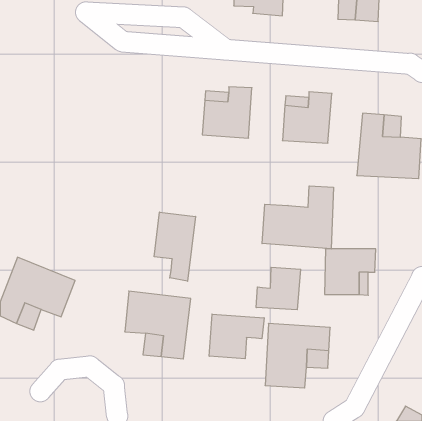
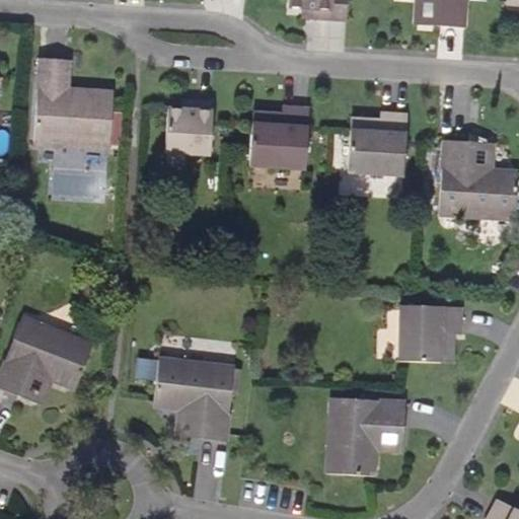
building: none -> [33,57,113,149]
building: none -> [164,99,213,155]
building: [262,186,333,249] -> none
building: [154,212,196,281] -> none
building: [256,267,301,310] -> none
building: [209,314,264,359] -> none

